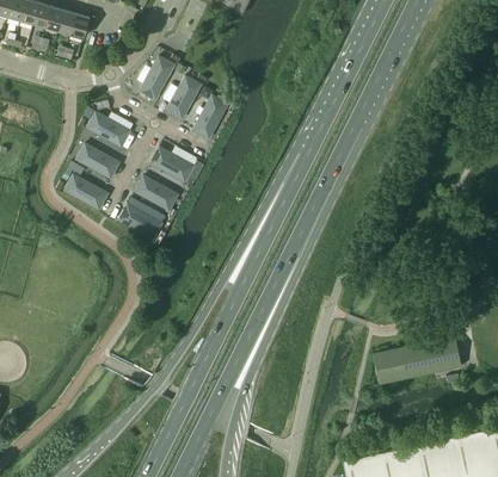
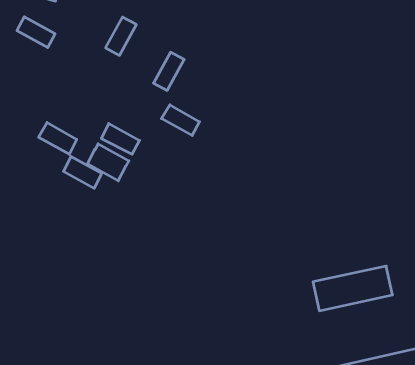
building: [166,75,201,119] -> none
building: [86,112,129,147] -> [17,17,55,48]
building: [75,143,118,179] -> [63,156,102,188]
building: [149,147,192,181] -> [161,105,200,136]

